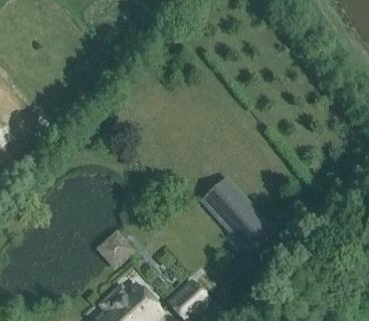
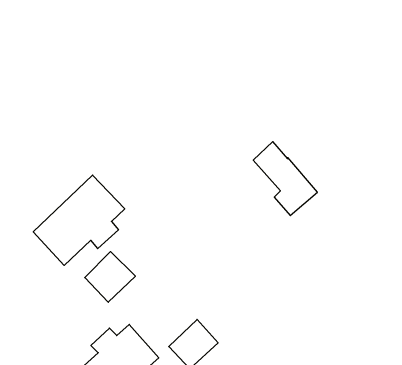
building: none -> [33,175,125,265]
building: [216,187,268,248] -> [253,142,317,216]

